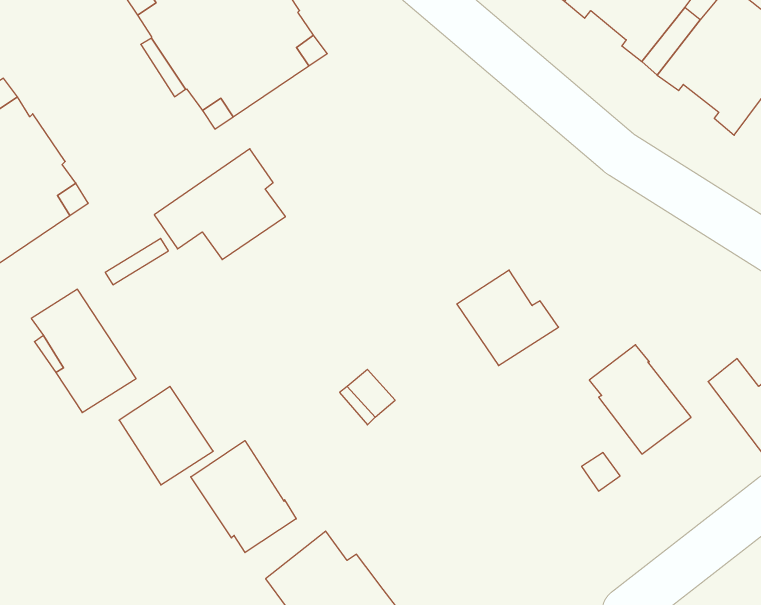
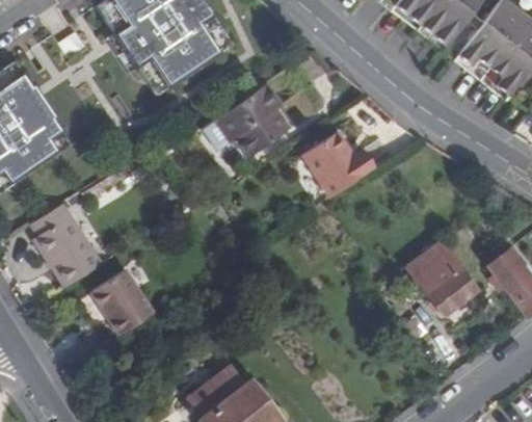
building: [154,149,285,260] -> [202,82,290,157]
building: [457,270,559,366] -> [302,131,371,195]
building: [191,441,296,553] -> none

